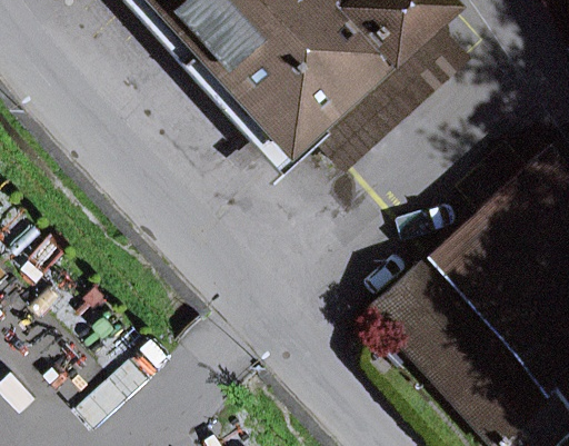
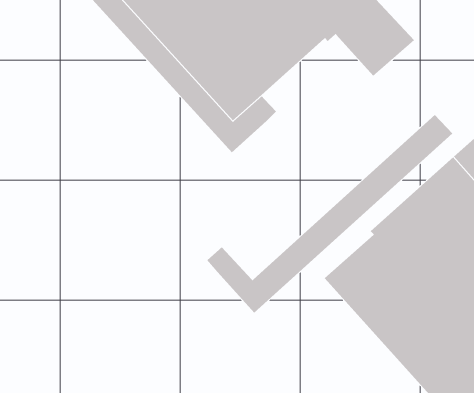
building: [323,48,436,167] -> none
building: none -> [207,114,453,313]

